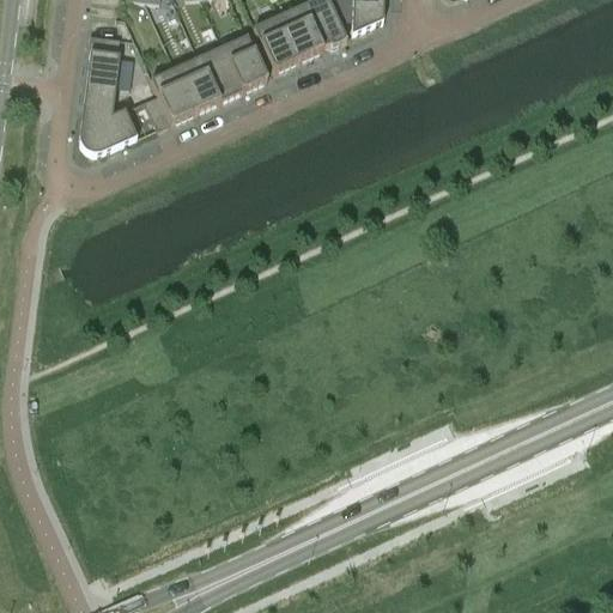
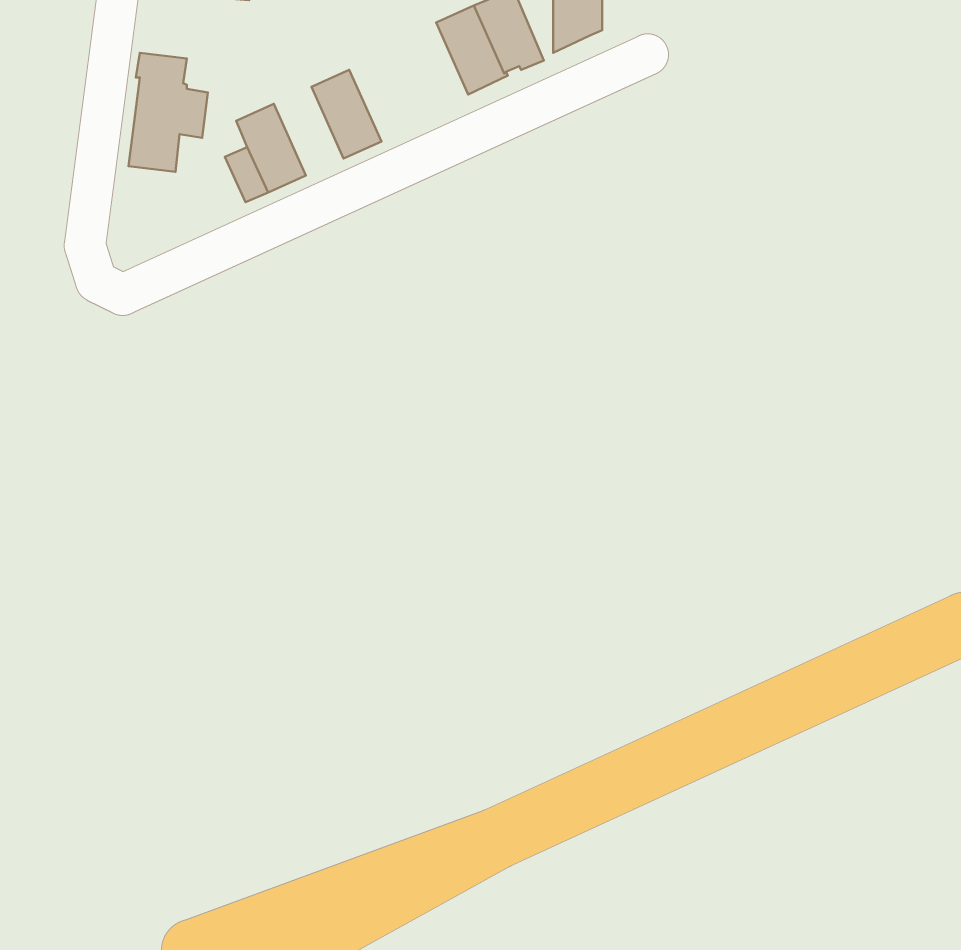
building: [255,14,299,71] -> none
building: [224,34,268,90] -> none
building: [176,55,220,111] -> none
building: [80,105,138,152] -> none

